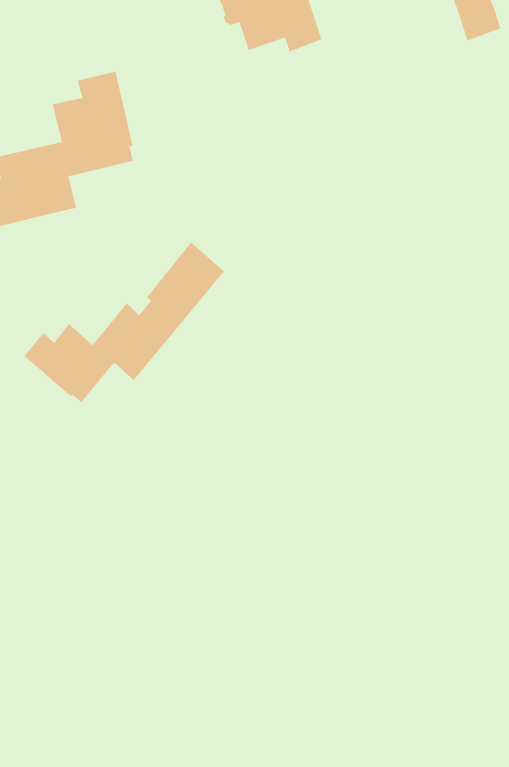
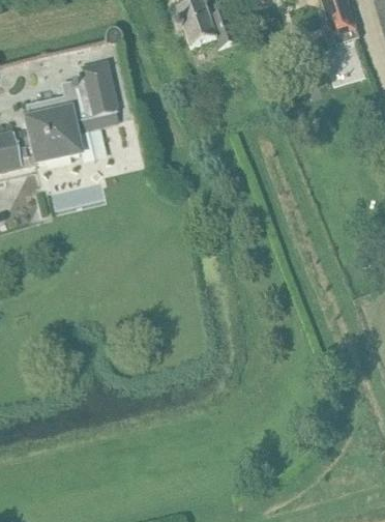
building: [23,242,225,403] -> none

